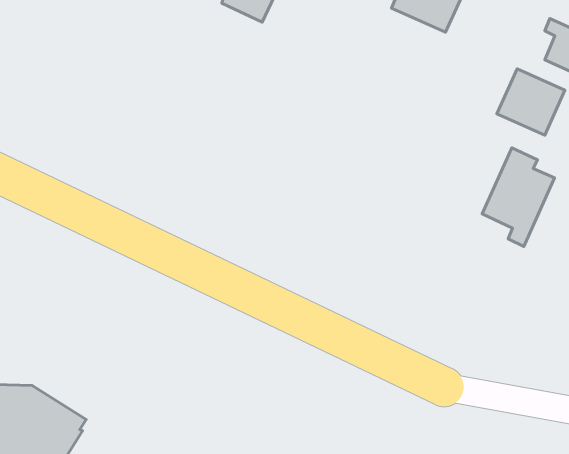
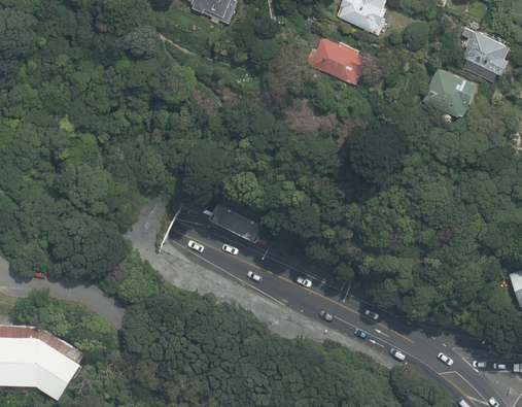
building: none -> [302,36,369,86]
building: [482,148,554,247] -> none
building: none -> [209,204,262,241]

